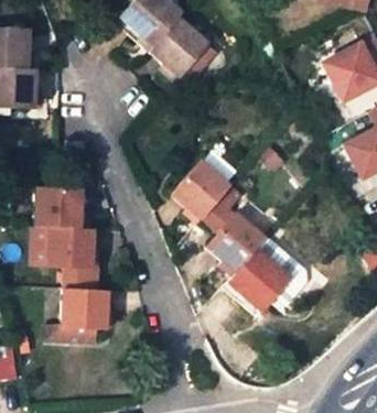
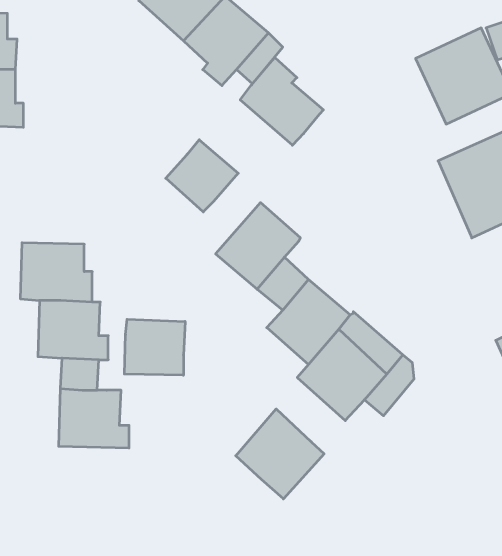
building: none -> [240,58,323,145]
building: none -> [166,140,238,212]
building: none -> [124,319,185,375]
building: none -> [236,409,324,499]

